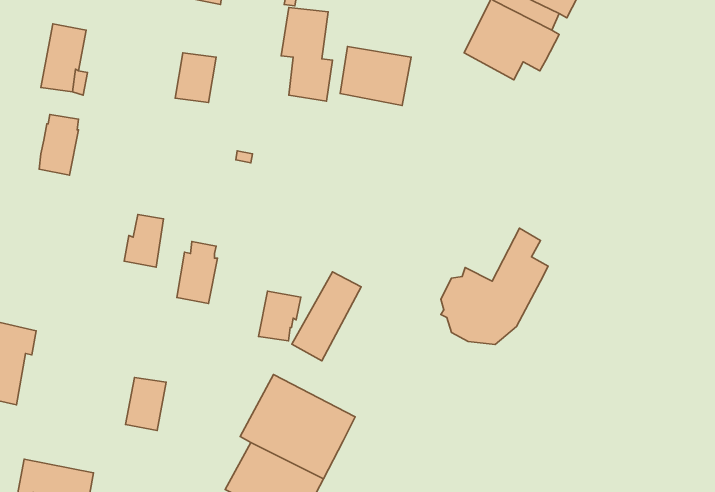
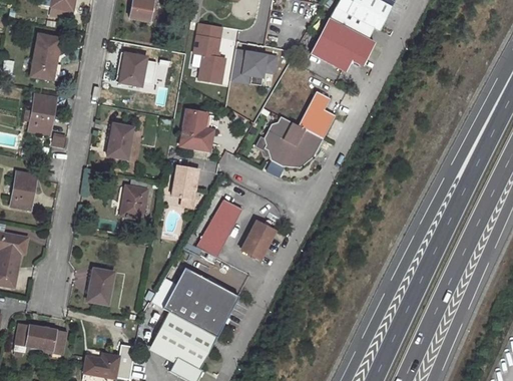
building: none -> [175,109,212,153]
building: [124,214,164,267] -> [106,124,132,159]
building: [441,228,548,345] -> [264,90,335,167]
building: none -> [10,171,36,210]
building: [258,291,301,341] -> [171,165,199,199]
building: none -> [242,220,276,259]

